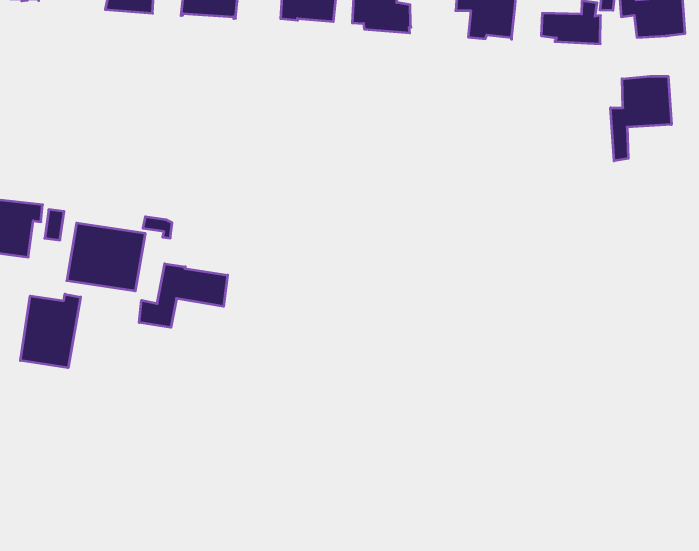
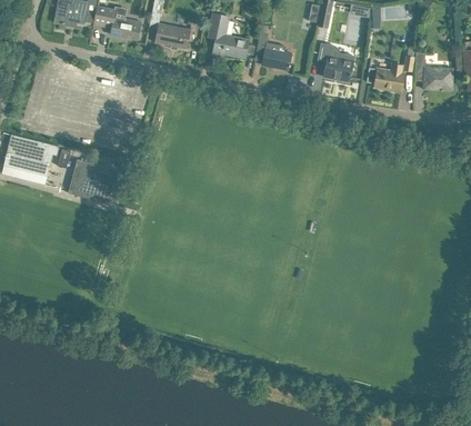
building: [611,76,671,161] -> none
building: [139,264,228,327] -> none
building: [20,294,81,368] -> none

